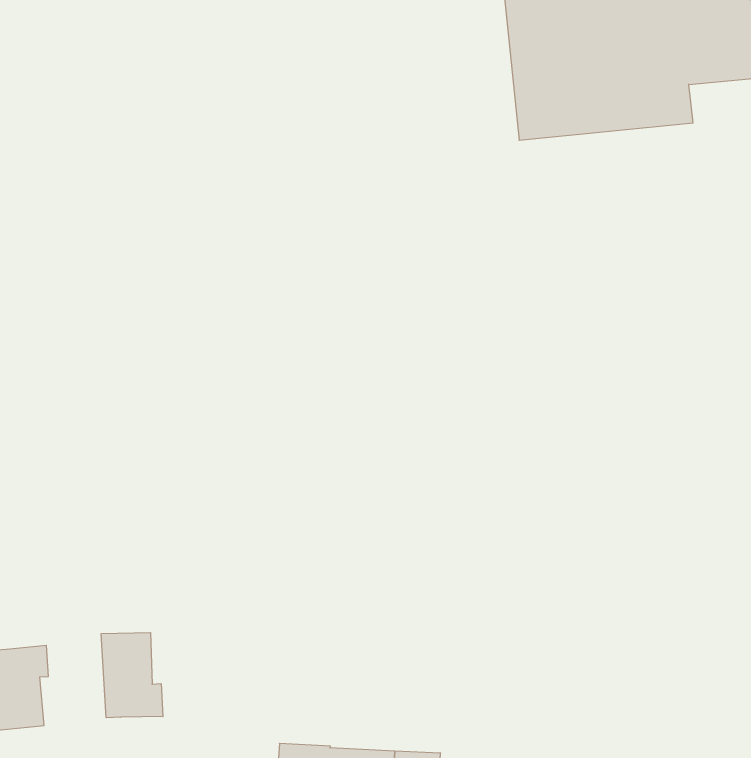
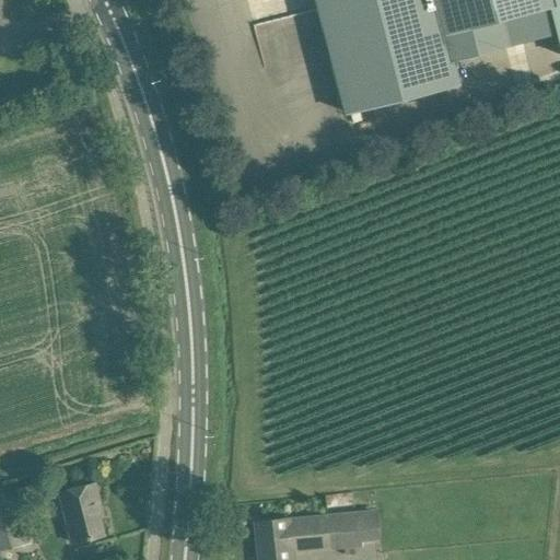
building: [101,633,163,718] -> none

